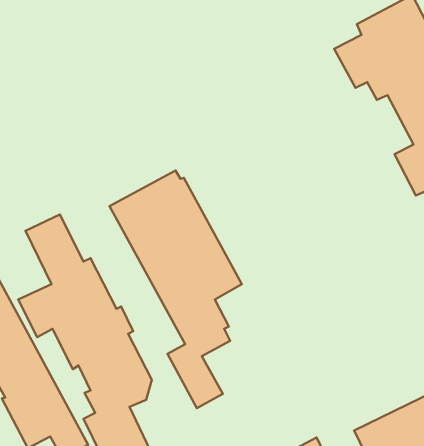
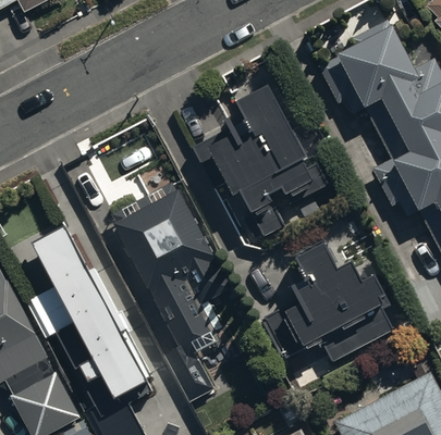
building: none -> [192,75,331,250]
building: none -> [261,234,391,358]

